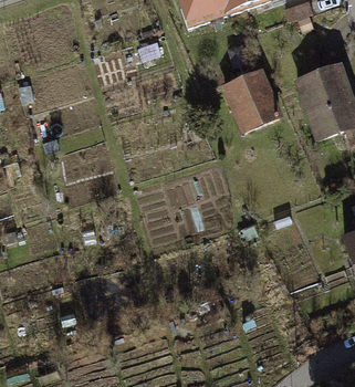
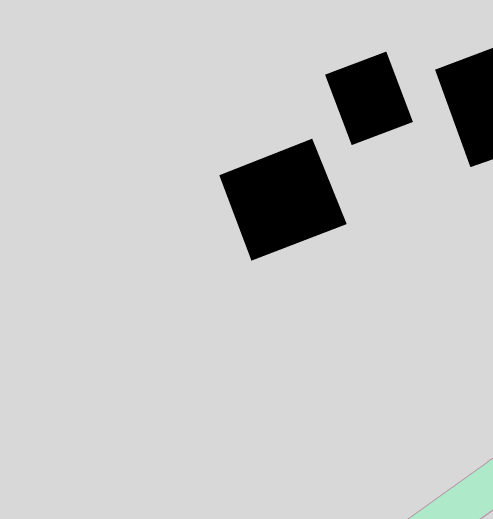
building: none -> [219,138,348,261]

